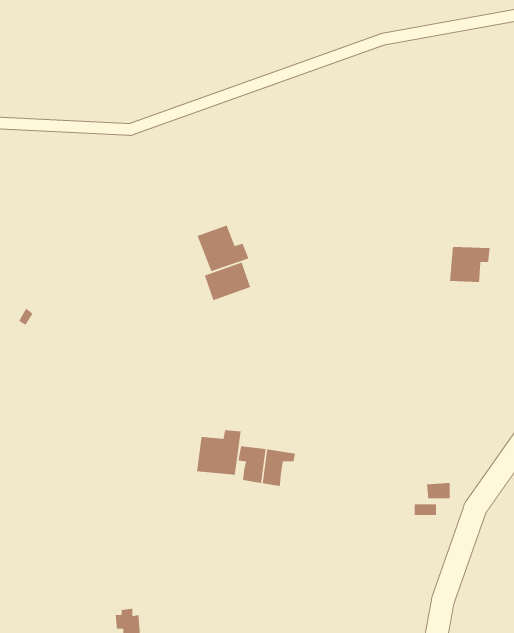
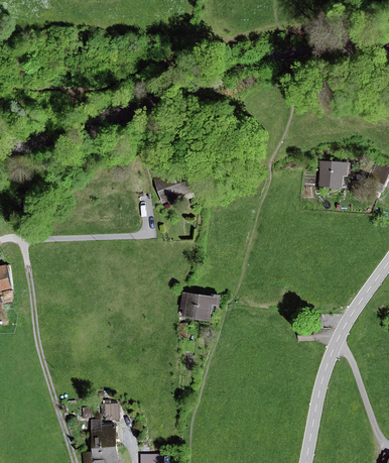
building: [196,225,250,272] -> none
building: [196,429,242,475] -> none

